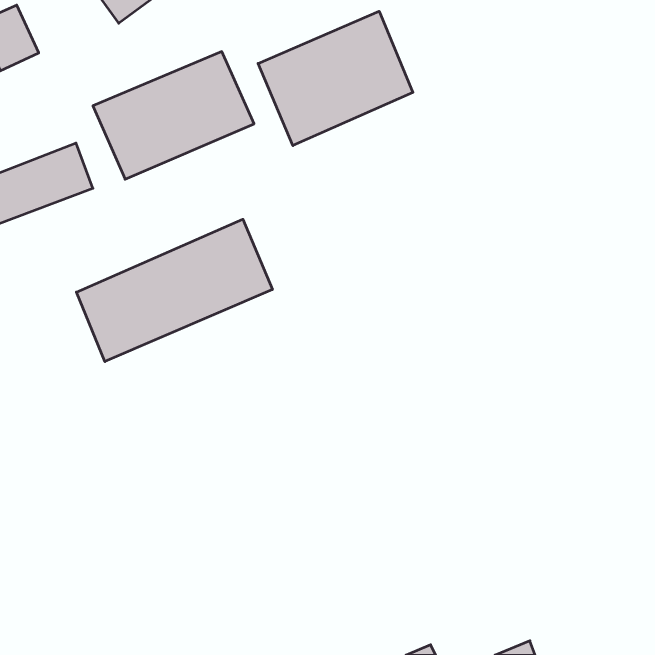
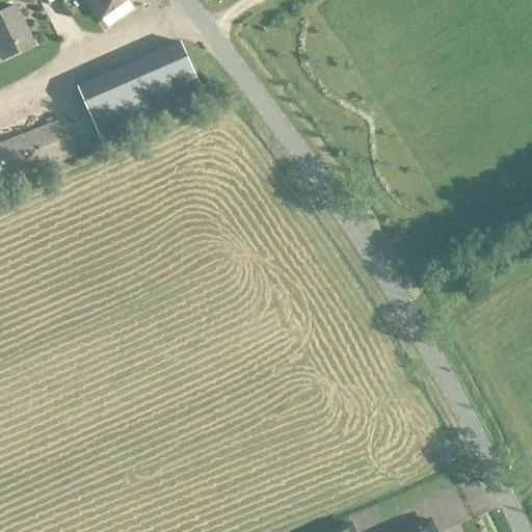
building: [258,11,413,146] -> none
building: [76,219,272,362] -> none

